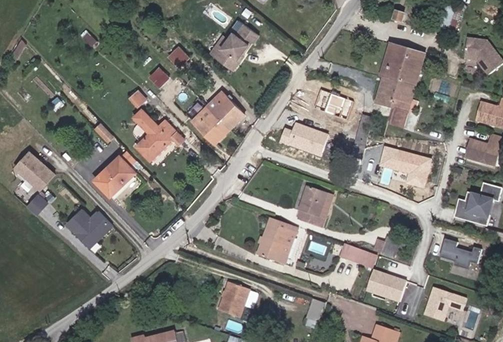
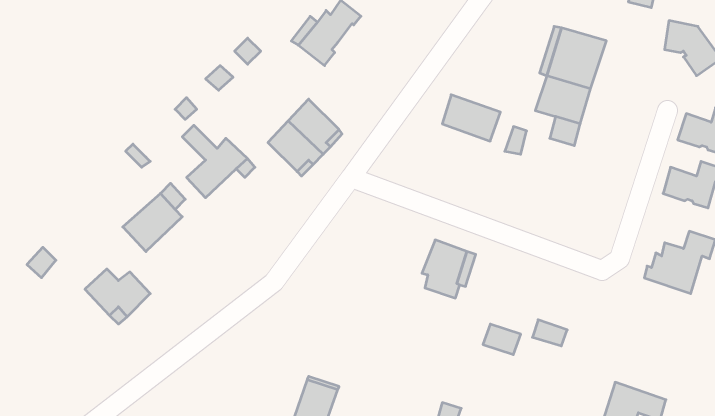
building: [277,120,328,156] -> none
building: [376,145,431,188] -> none
building: [14,151,54,190] -> none
building: [253,219,294,266] -> none
building: [438,238,481,269] -> none
building: [364,269,406,302] -> none

